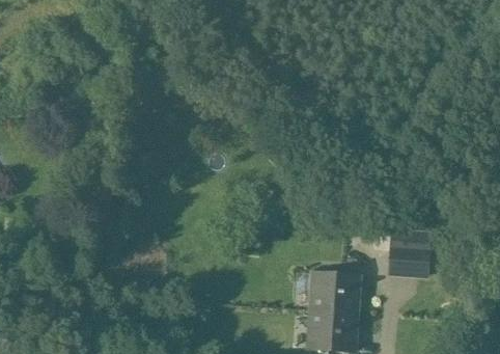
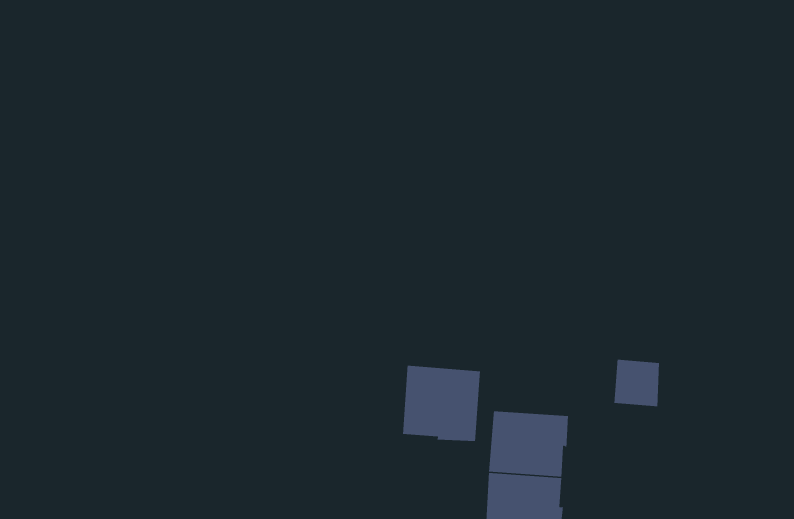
building: none -> [402,365,481,442]

